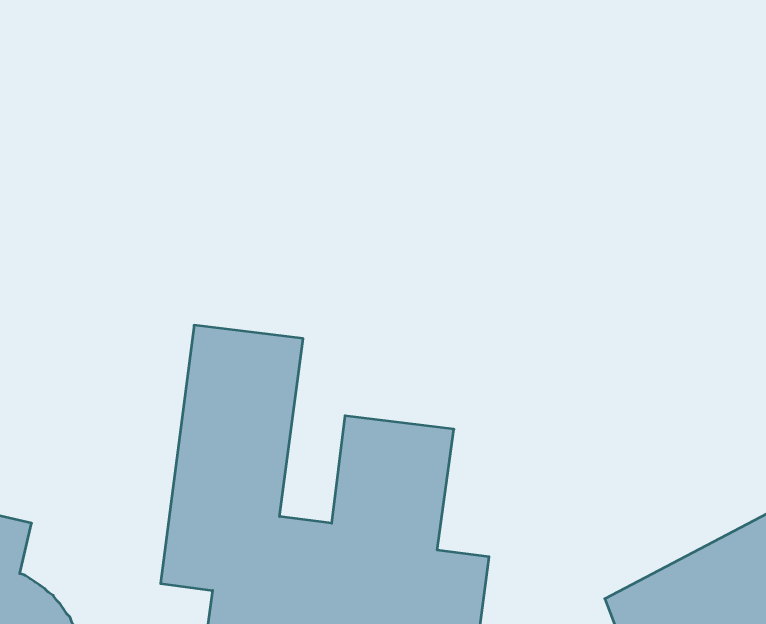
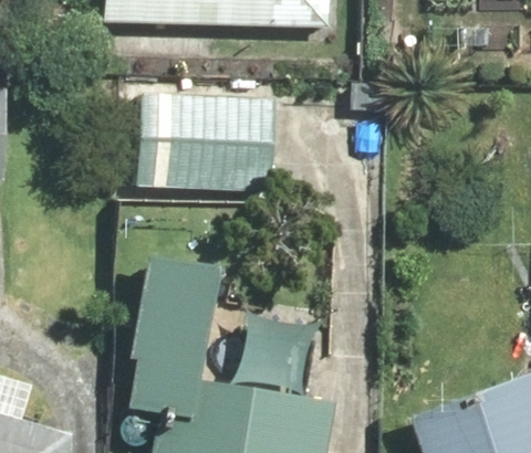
building: none -> [138,91,278,192]

